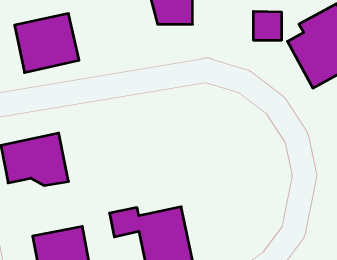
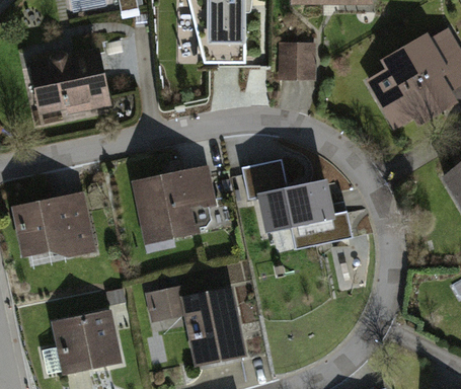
building: [253,11,282,40] -> [280,42,315,77]
building: none -> [239,152,351,243]
building: none -> [135,166,213,242]

